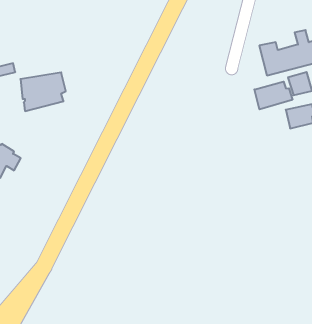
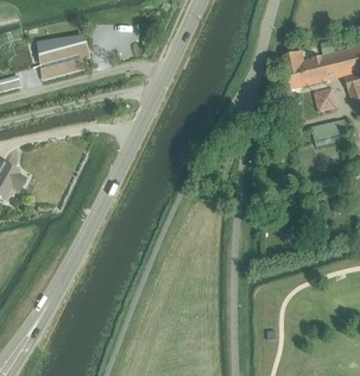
building: [20,72,66,111] -> [38,35,87,76]
building: [254,82,292,109] -> none

